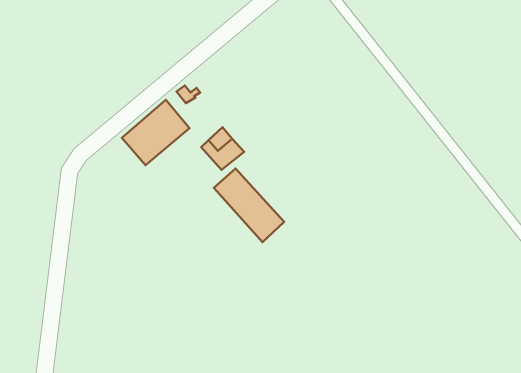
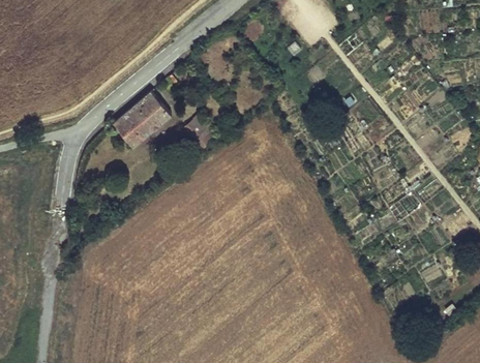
building: [214,169,284,242] -> none

